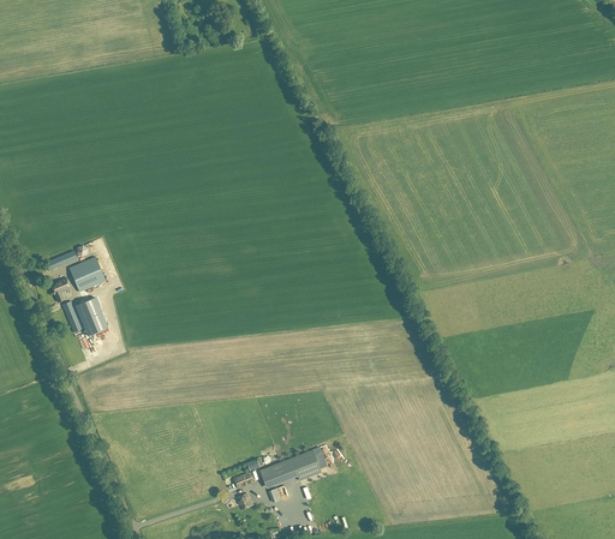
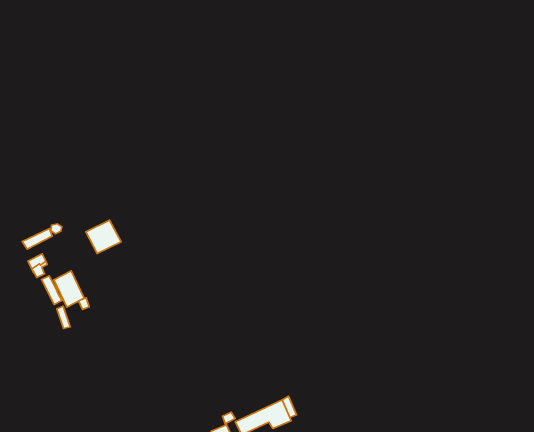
building: [70,256,107,291] -> [86,220,121,253]

